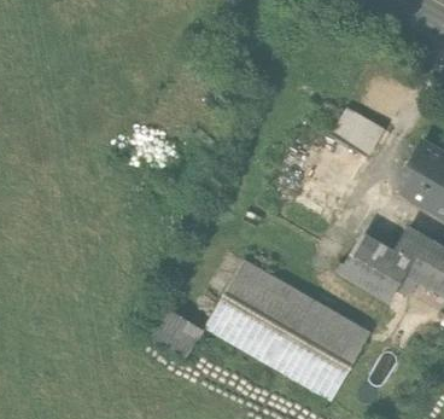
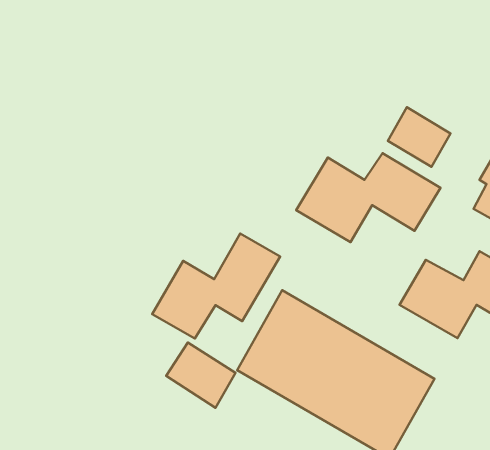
building: none -> [296,153,440,242]
building: none -> [152,234,280,339]

